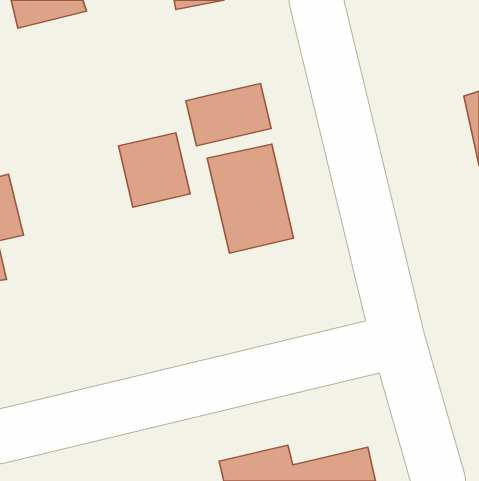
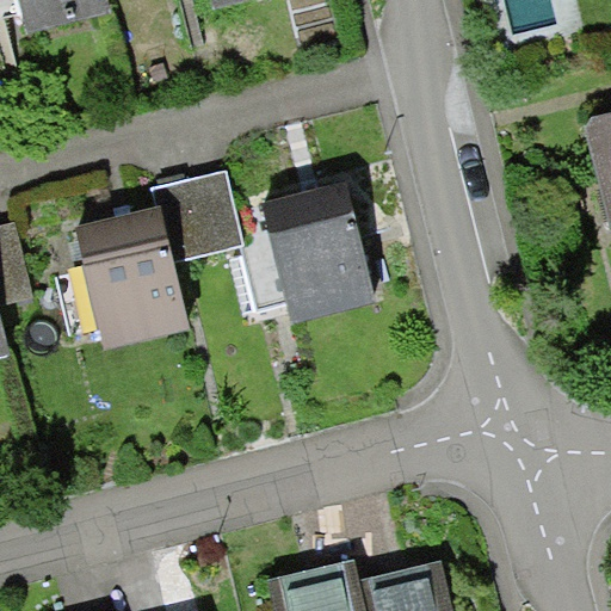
building: [186,83,271,146] -> none
building: none -> [74,206,186,350]

